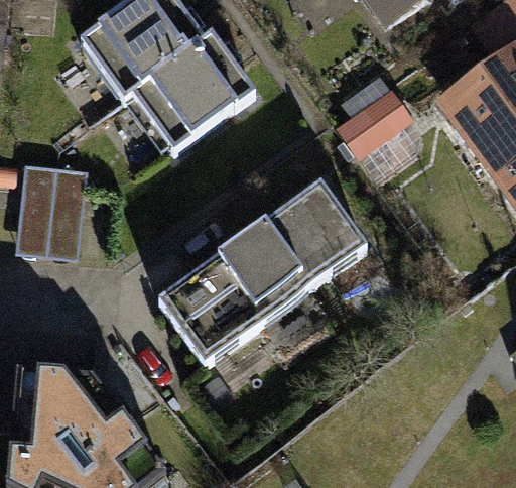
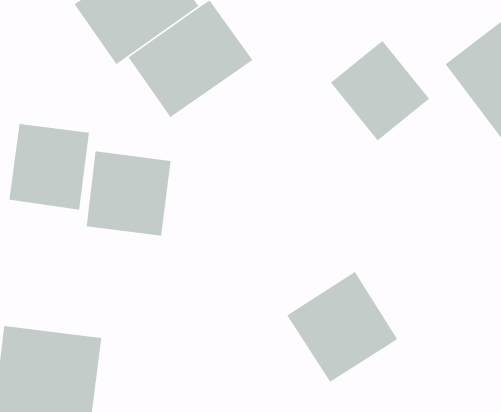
building: [157,188,366,361] -> none
building: none -> [86,151,172,237]
building: none -> [286,271,398,383]

